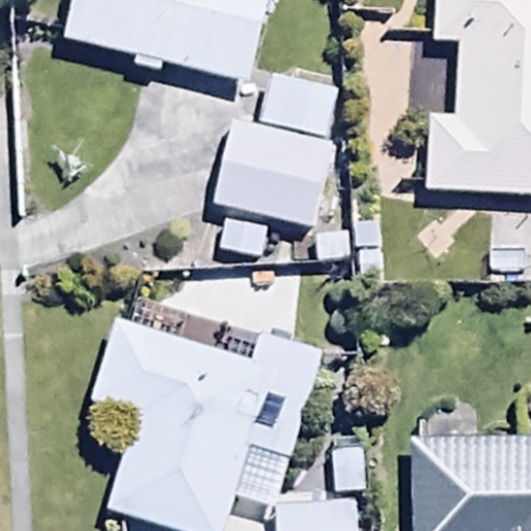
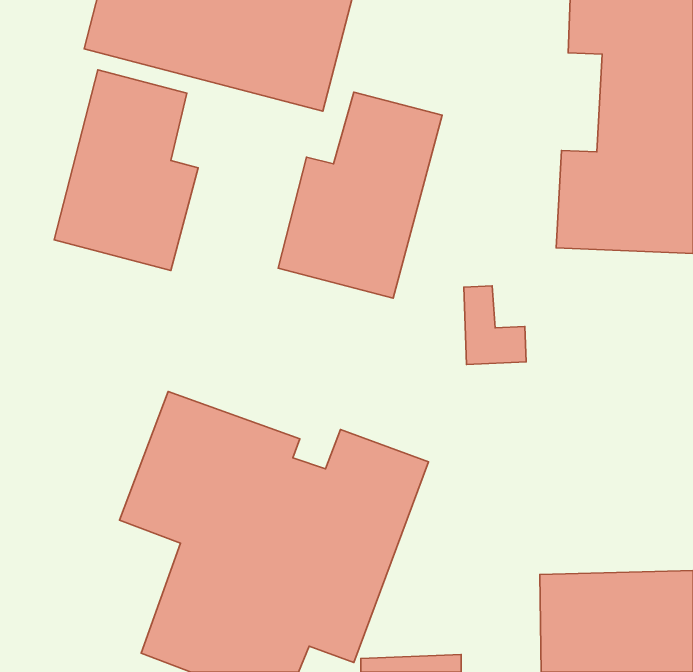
building: none -> [54,70,198,271]

